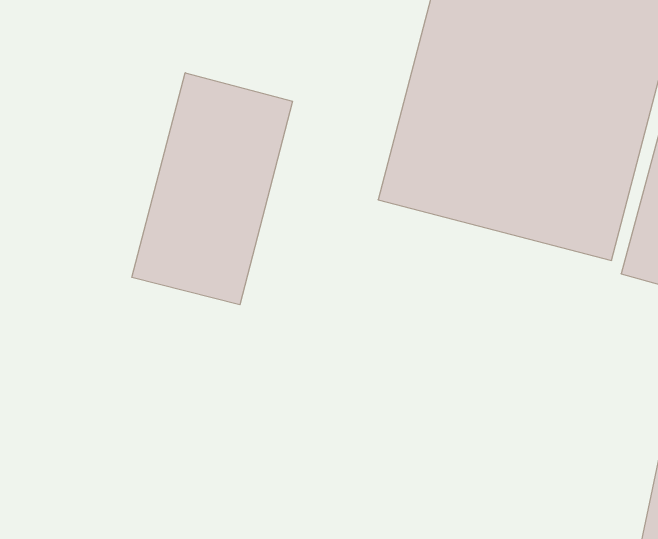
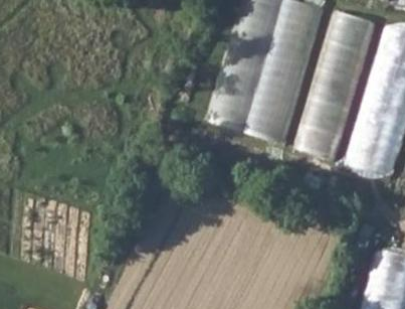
building: [132,73,292,305] -> none

